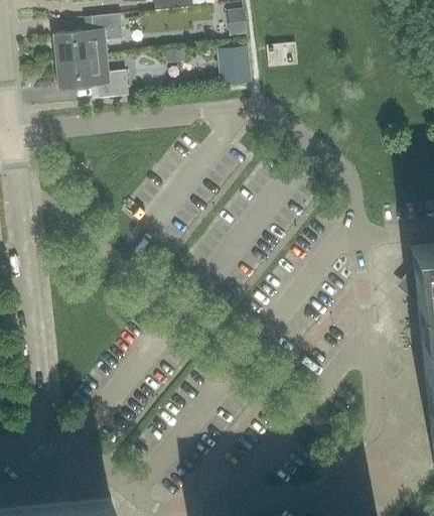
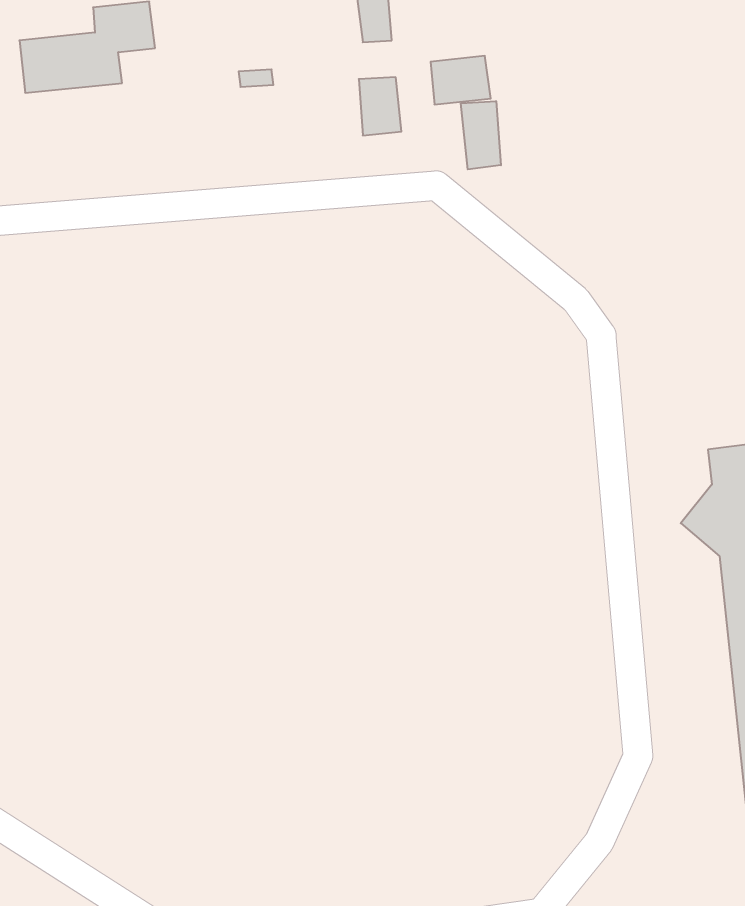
building: [55,56,128,98] -> none
building: none -> [461,101,501,169]

